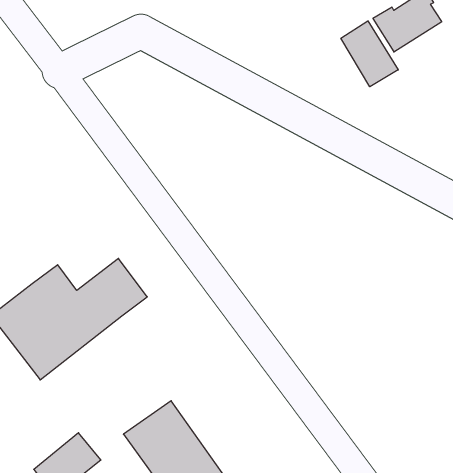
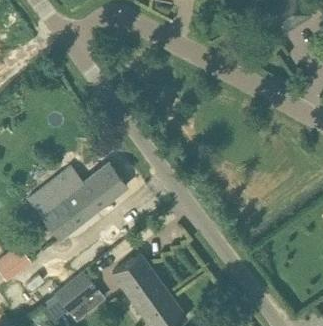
building: [341,21,398,87] -> none

